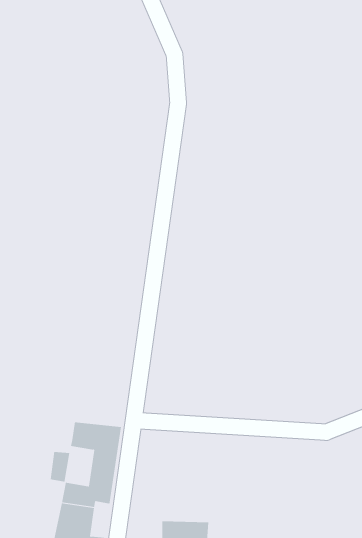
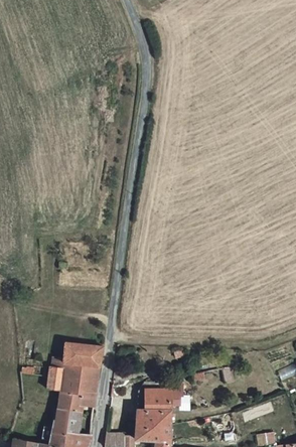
building: none -> [50,356,82,394]
building: none -> [135,380,187,422]

